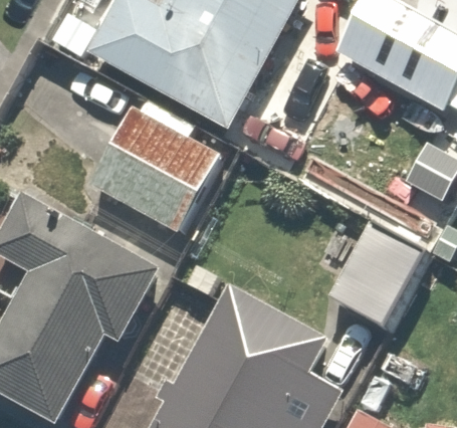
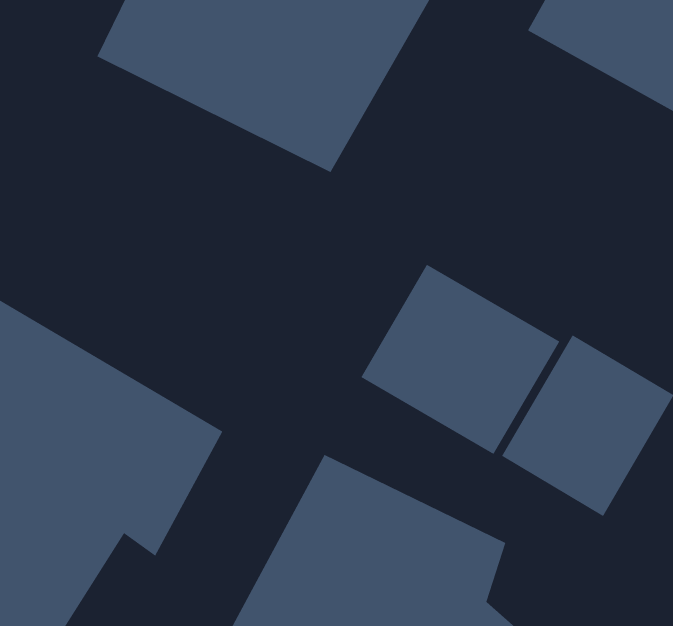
building: [87,105,220,230] -> none
building: none -> [360,264,560,455]

